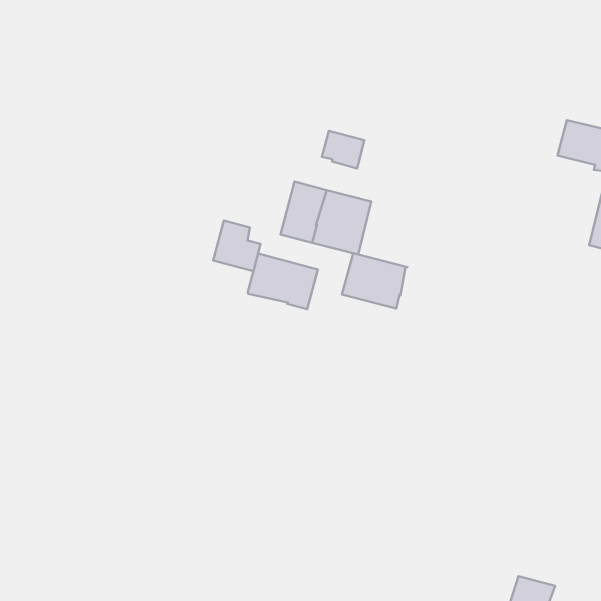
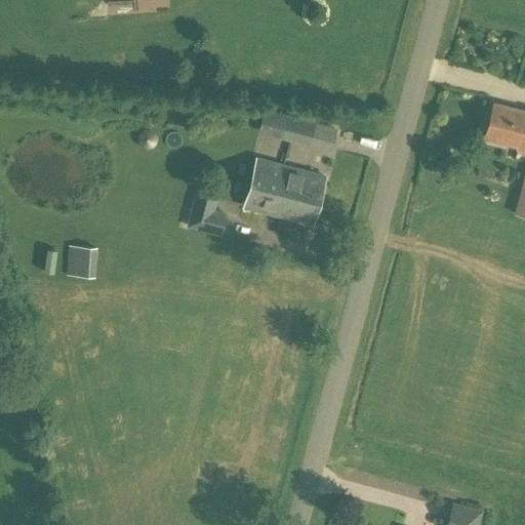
building: [342,253,407,308] -> none
building: [248,253,318,309] -> none
building: none -> [74,247,98,277]

